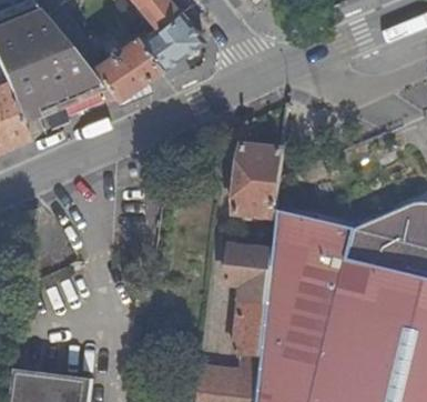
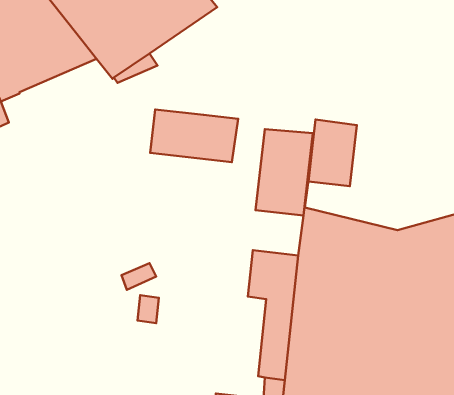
building: none -> [150,109,238,162]
building: none -> [308,119,357,186]

